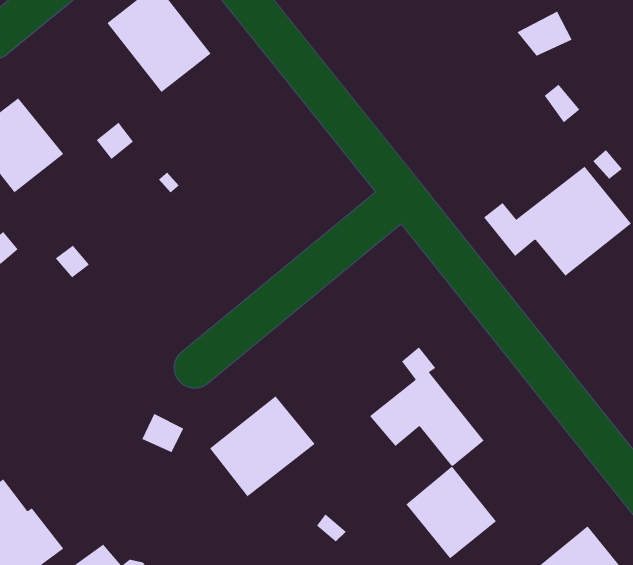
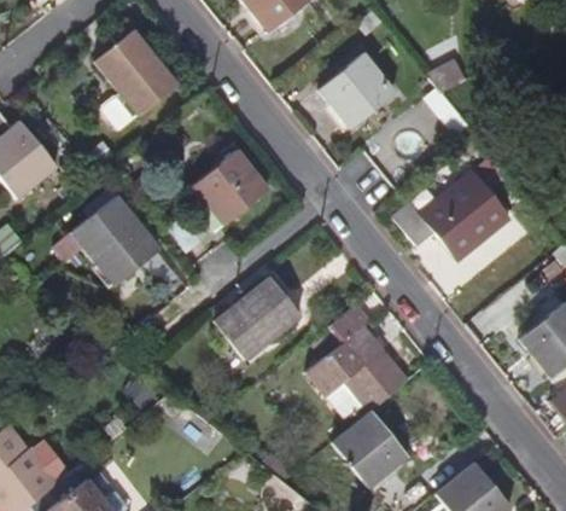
building: none -> [321,56,398,133]
building: none -> [193,152,270,228]
building: none -> [72,197,159,285]
building: [209,395,315,497] -> [215,278,299,359]

